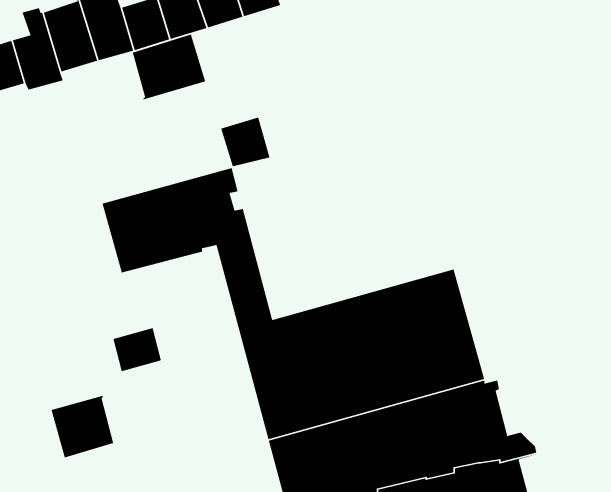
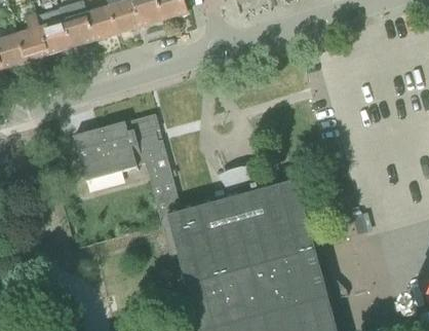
building: [132,34,206,101] -> none
building: [220,116,271,167] -> none
building: [112,327,162,372] -> none
building: [51,395,114,458] -> none

